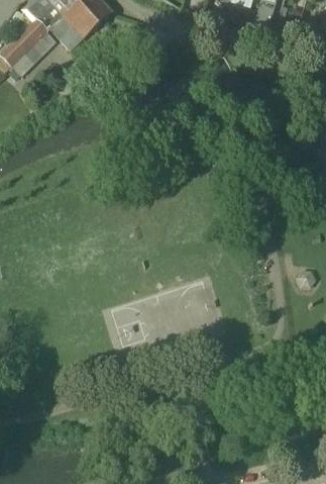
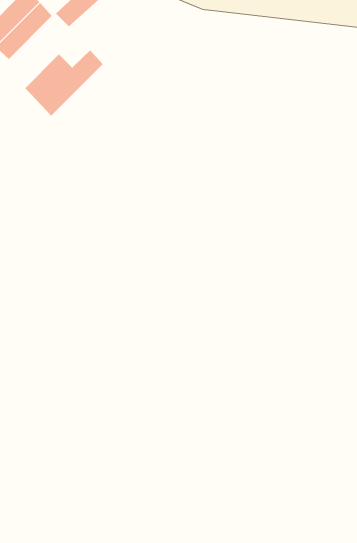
building: none -> [25,49,103,116]

